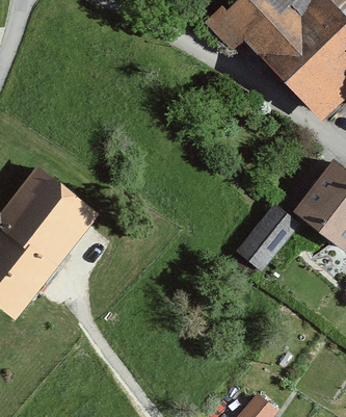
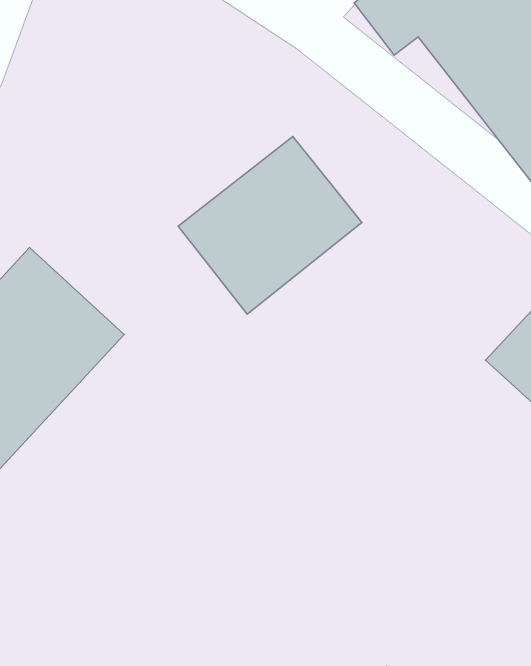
building: none -> [178,137,362,314]
building: [235,206,294,269] -> none

